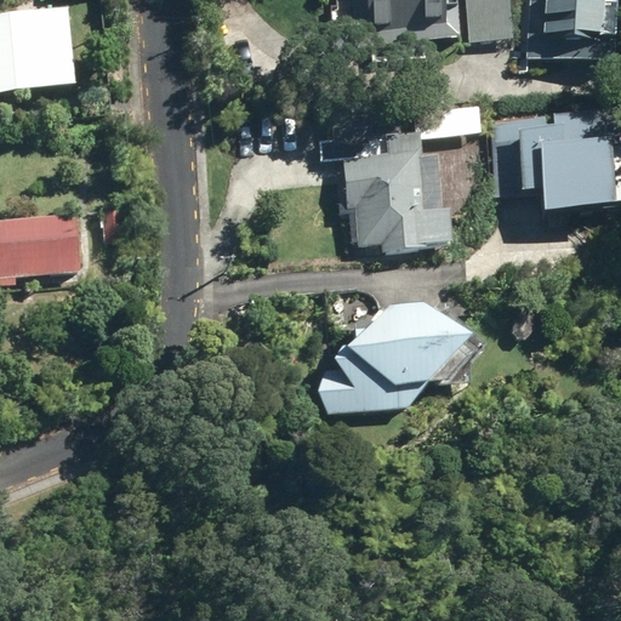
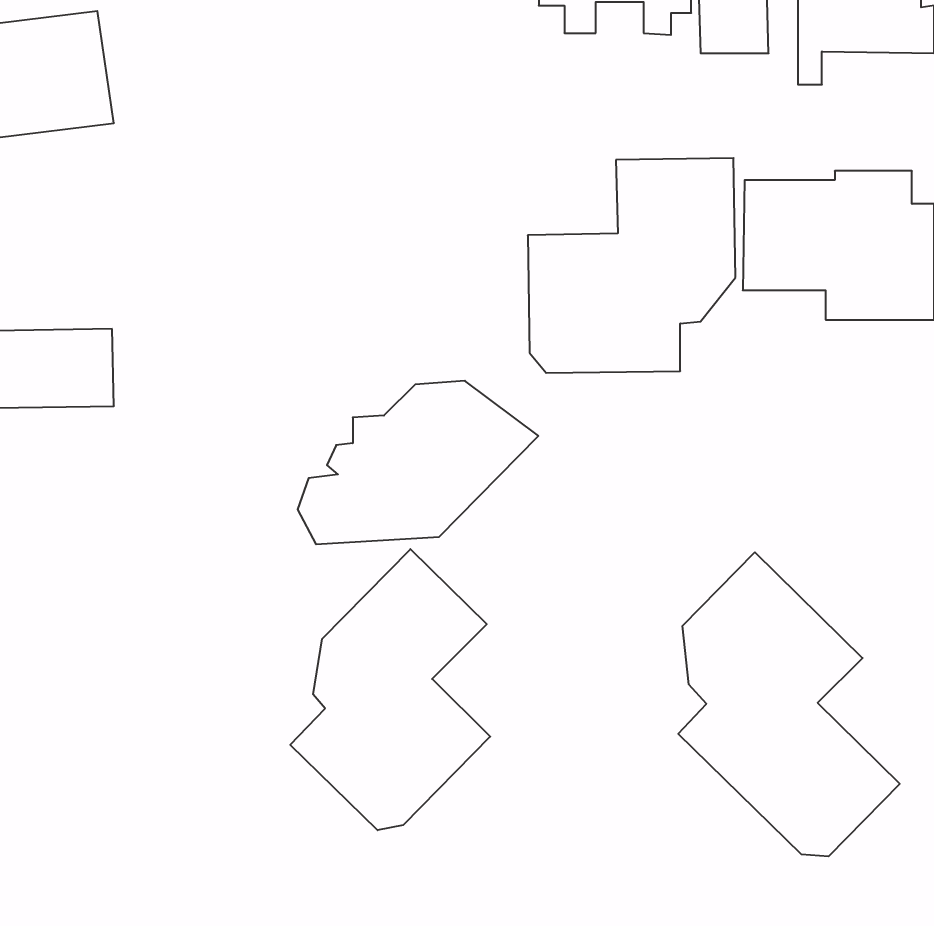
building: [314,303,473,411] -> [298,381,538,544]
building: none -> [290,549,490,830]
building: none -> [678,552,900,856]

